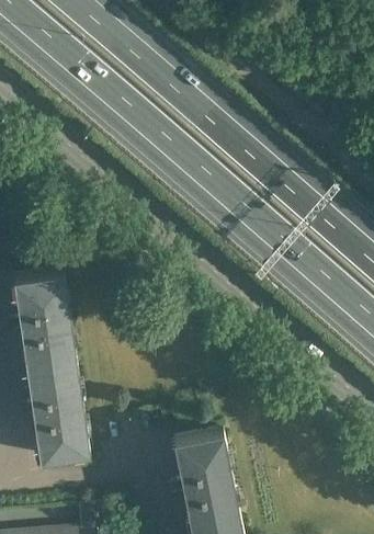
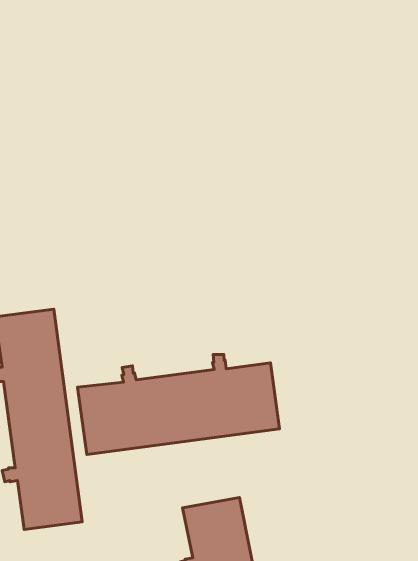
building: none -> [78,354,279,455]

